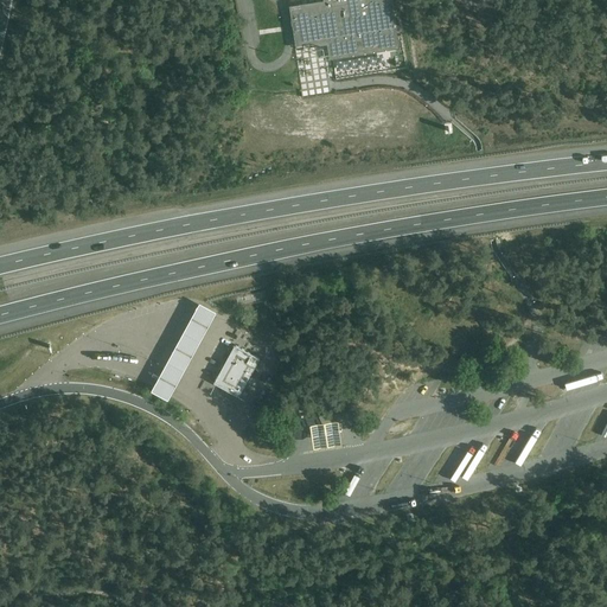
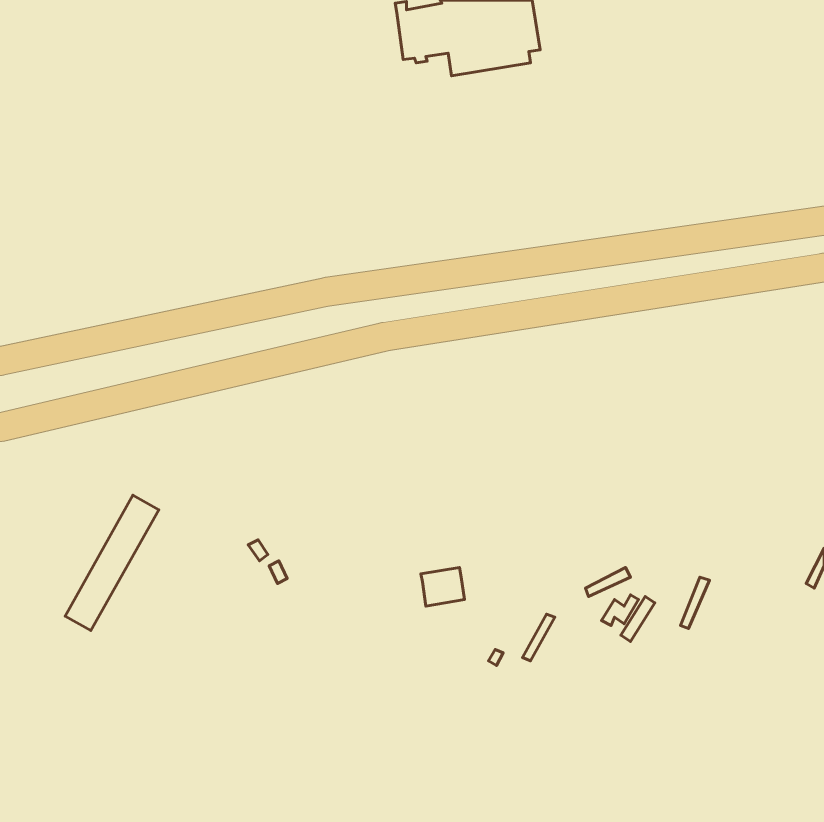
building: [149,301,218,401] -> [65,495,159,631]
building: [213,346,258,397] -> none

